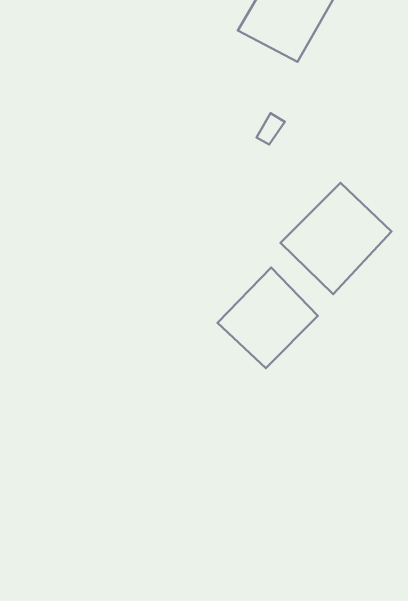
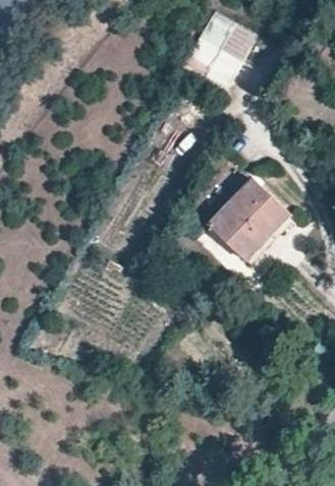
building: [217,268,318,368] -> none

